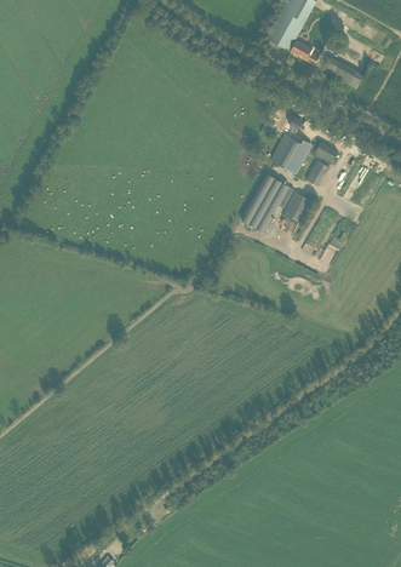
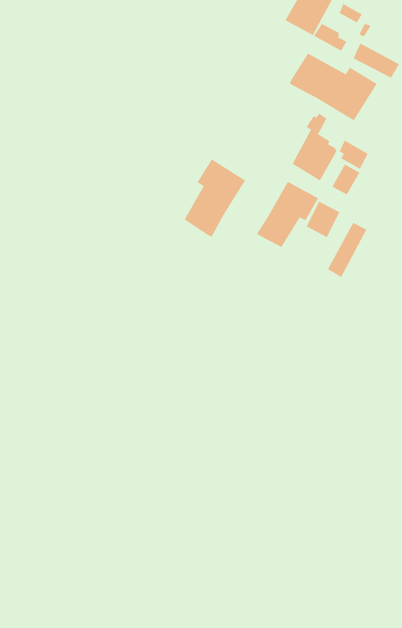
building: none -> [289,53,377,121]
building: none -> [184,158,246,237]

